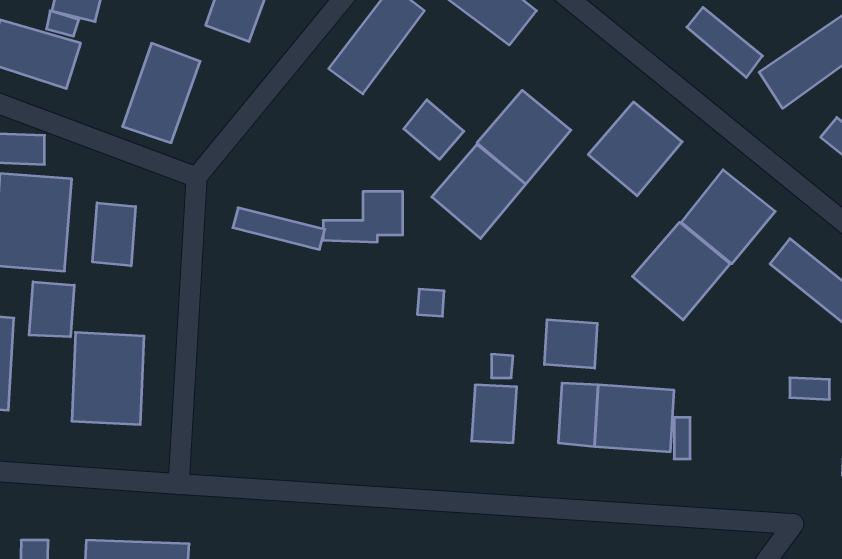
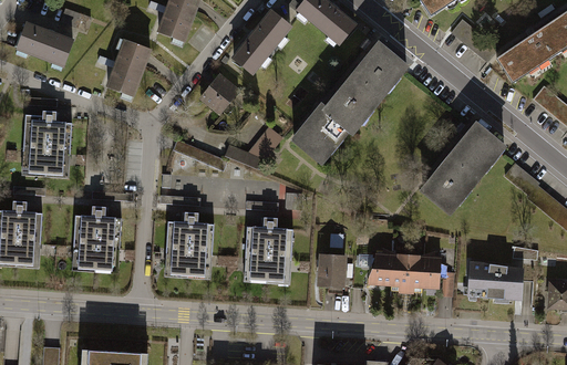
building: none -> [193,70,236,115]
building: [404,100,464,159] -> none
building: [588,102,682,196] -> [350,38,408,95]
building: [93,203,136,266] -> none
building: [29,282,74,337] -> none
building: [544,320,597,368] -> none
building: none -> [165,220,214,274]
building: none -> [245,226,292,280]
building: none -> [468,261,522,298]

